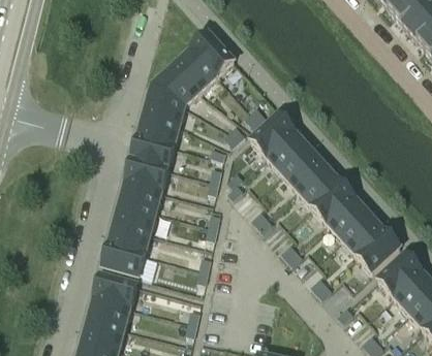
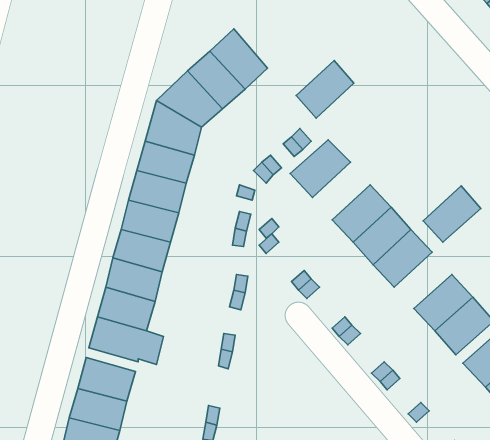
building: [267,131,309,173] -> [296,61,354,118]
building: [327,197,369,238] -> [423,186,481,242]

